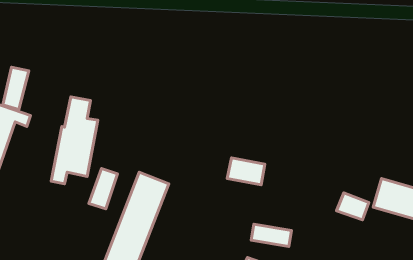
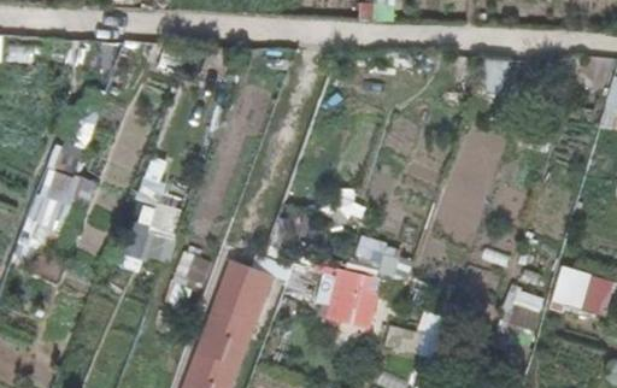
building: none -> [319,269,377,328]

